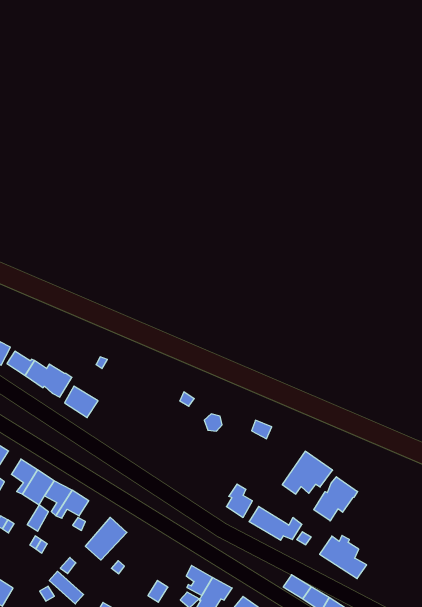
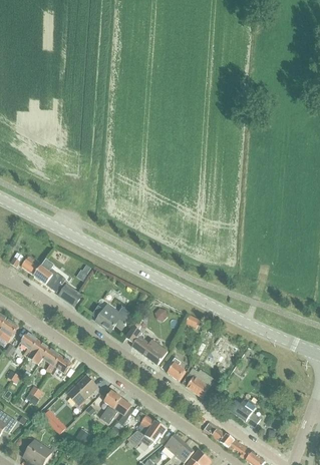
building: none -> [90,303,131,331]
building: none -> [124,320,167,365]
building: [314,477,358,521] -> none
building: none -> [99,390,130,423]

